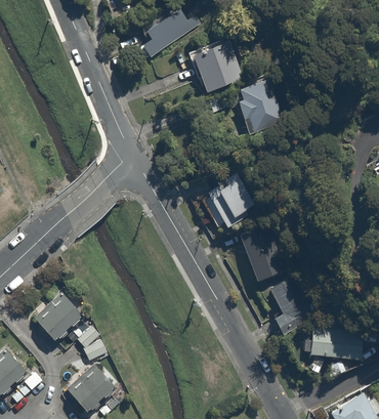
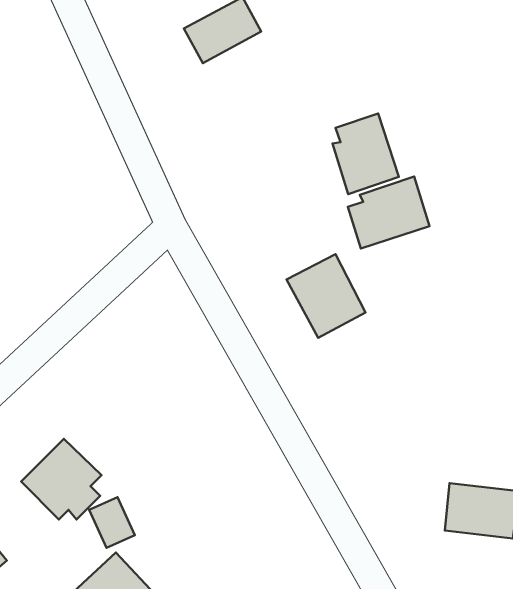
building: [191,40,243,91] -> none
building: none -> [348,176,429,249]
building: [240,223,287,281] -> none
building: [270,279,312,331] -> none

